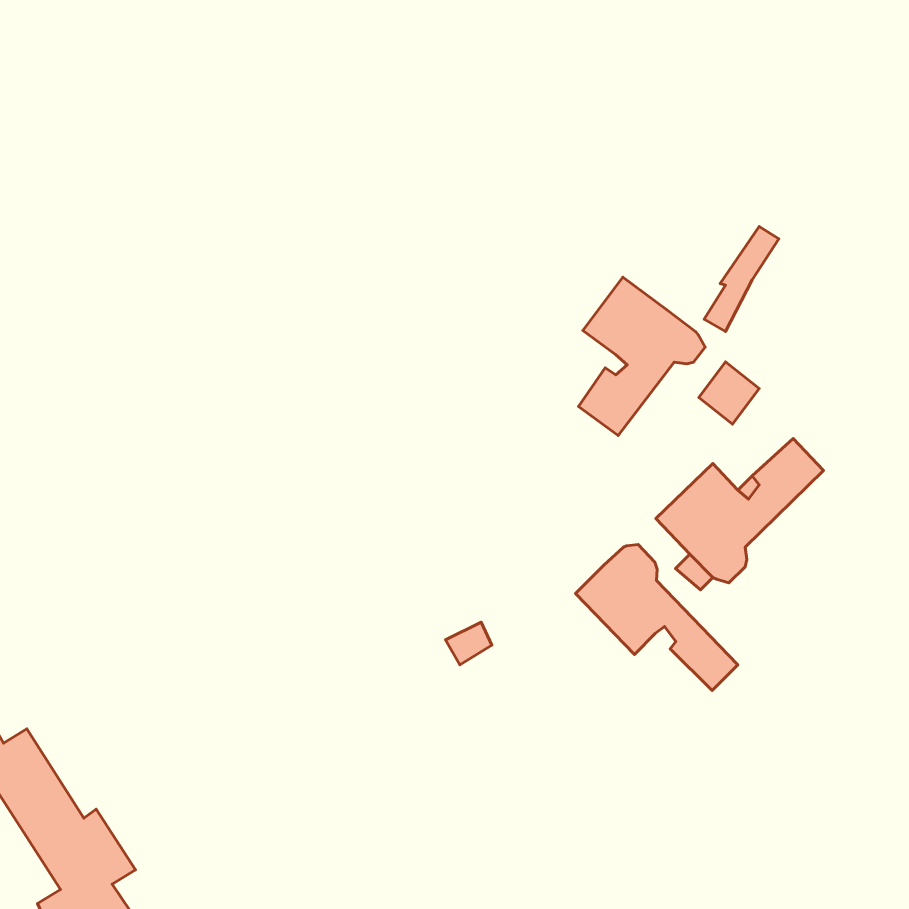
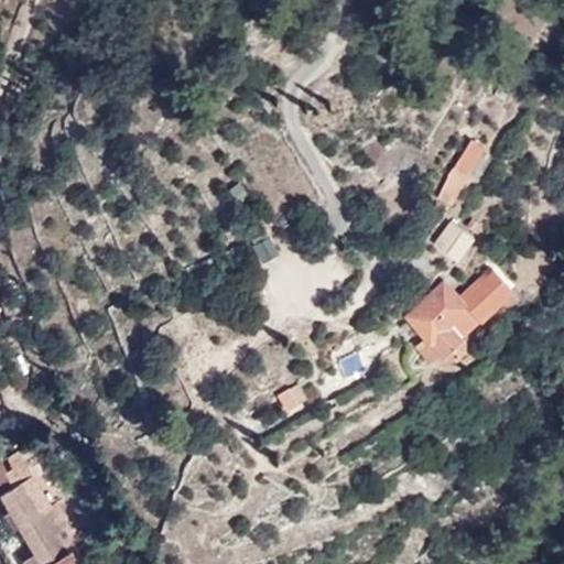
building: [579,277,705,436] -> none
building: [576,545,738,690] -> none

